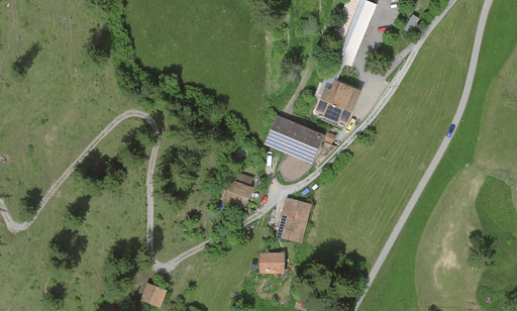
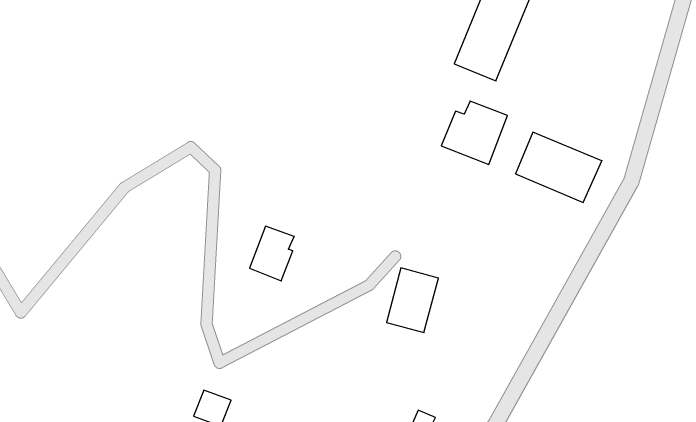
building: [265,114,325,164] -> [516,132,602,202]
building: [222,170,253,208] -> [250,226,294,281]
building: [260,251,285,273] -> none

